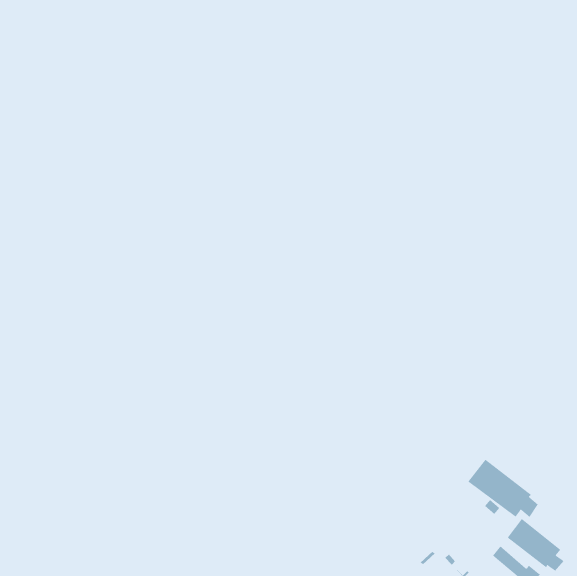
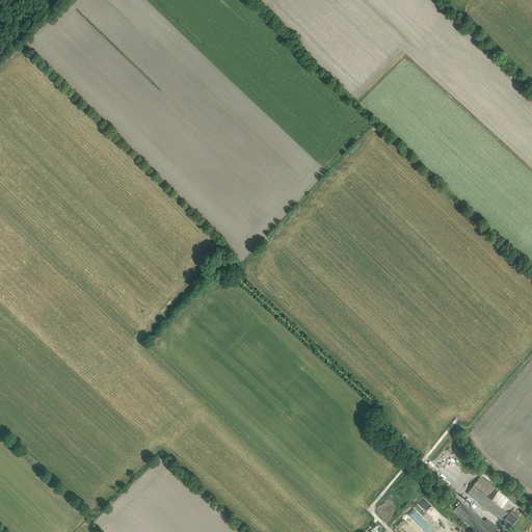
building: [468,459,539,518] -> none

